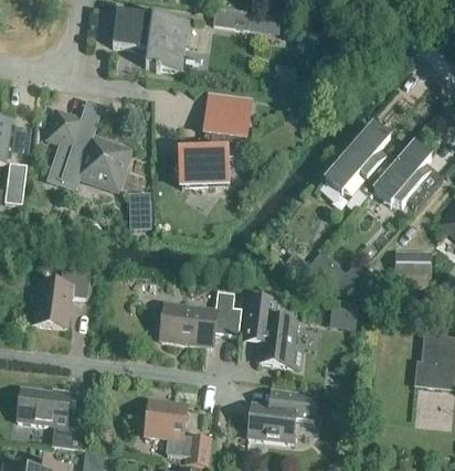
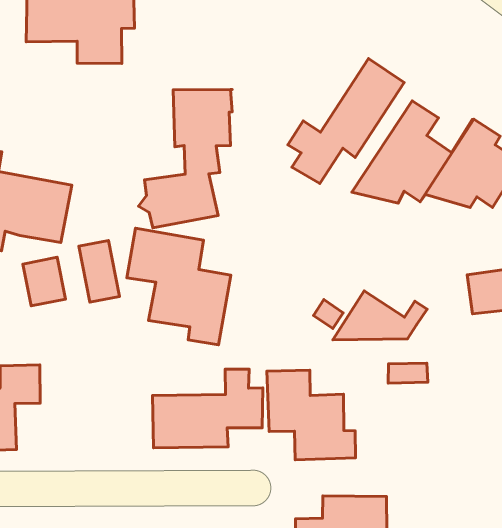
building: none -> [288,59,404,184]
building: none -> [127,228,231,345]
building: none -> [23,257,66,306]

